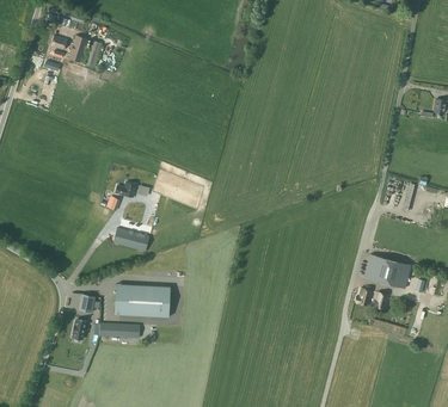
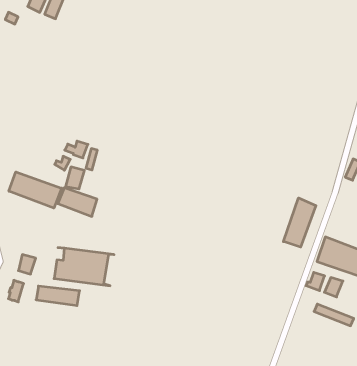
building: none -> [9,172,62,208]
building: none -> [283,198,316,247]

